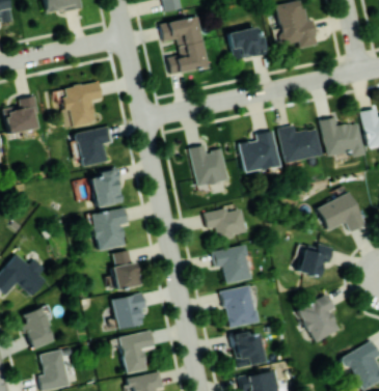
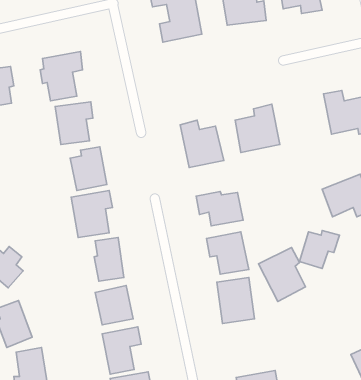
building: [278,125,321,162] -> none
building: [297,295,340,343] -> [258,248,305,302]
building: [231,332,264,367] -> none

